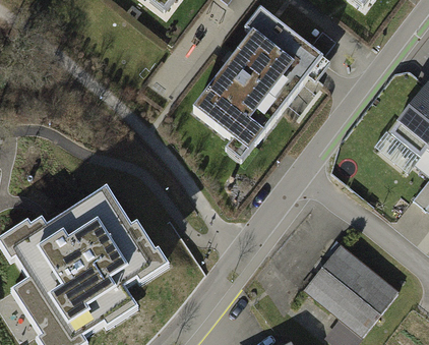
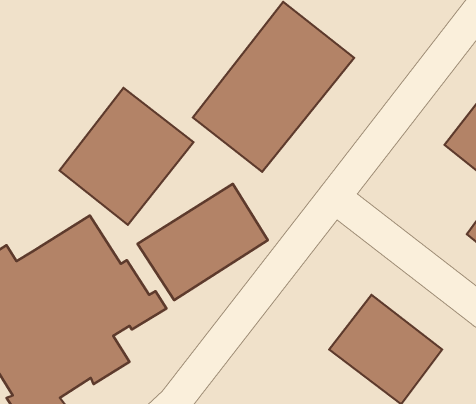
building: none -> [59,88,193,225]
building: none -> [138,184,268,300]

